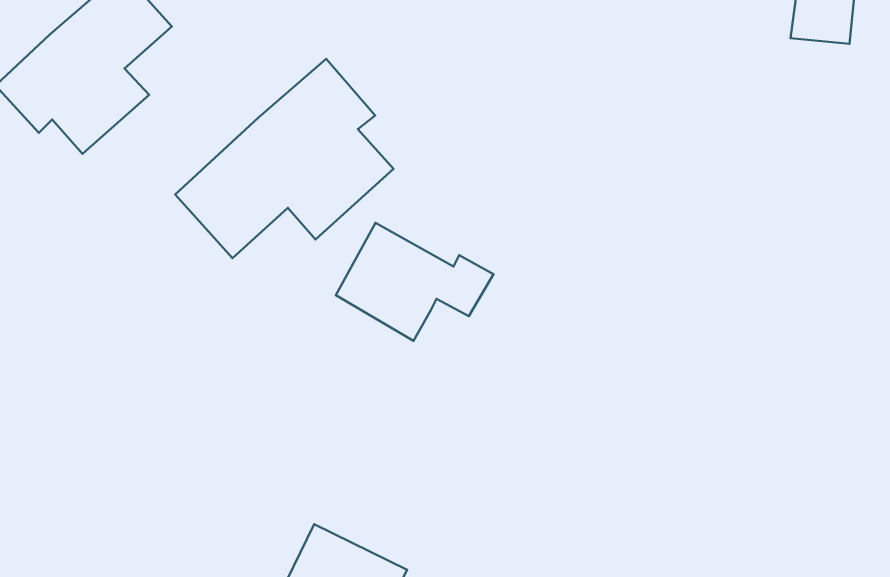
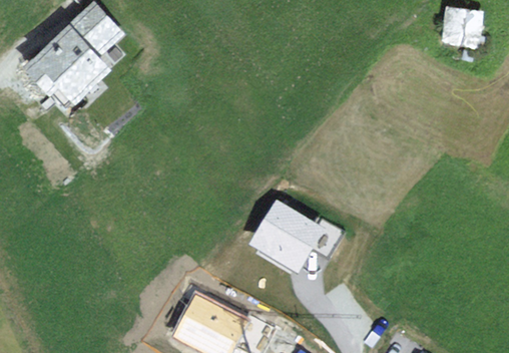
building: [175,59,394,258] -> none
building: [336,223,493,341] -> [254,205,338,267]

